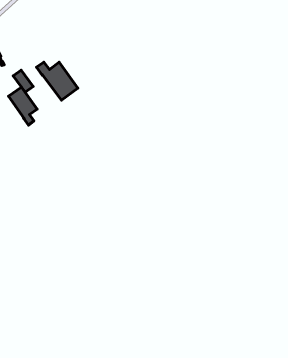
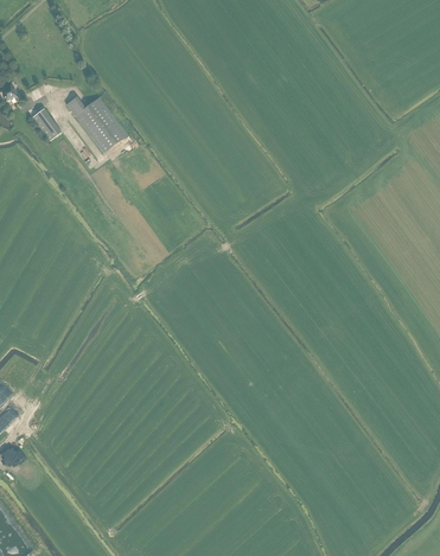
building: [9,87,37,125] -> none

